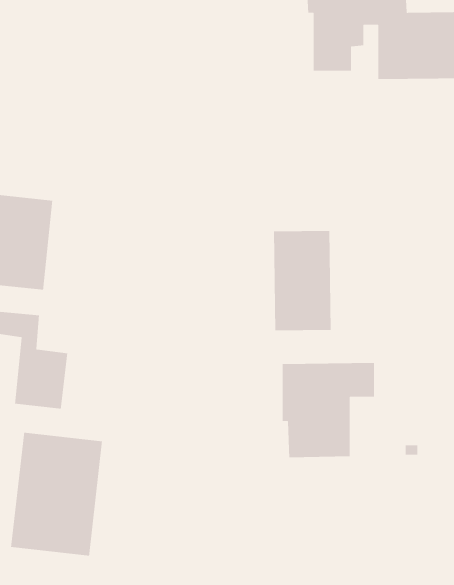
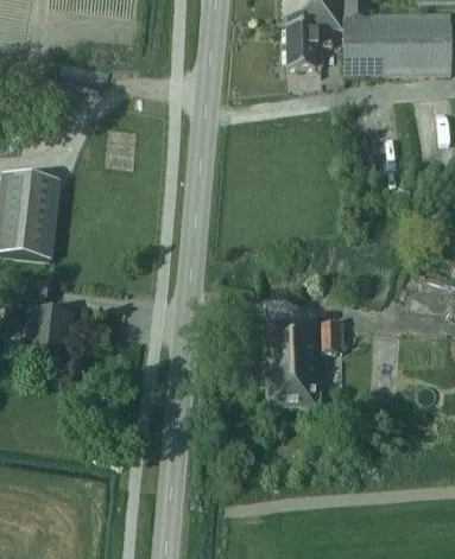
building: [273,230,332,331] -> none
building: [10,432,103,557] -> none

